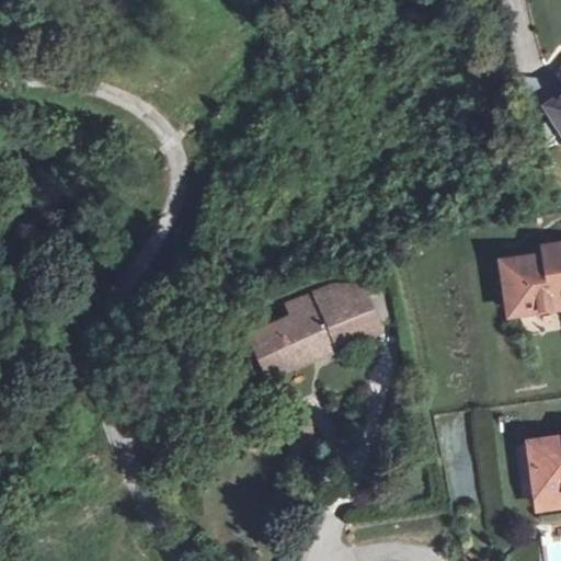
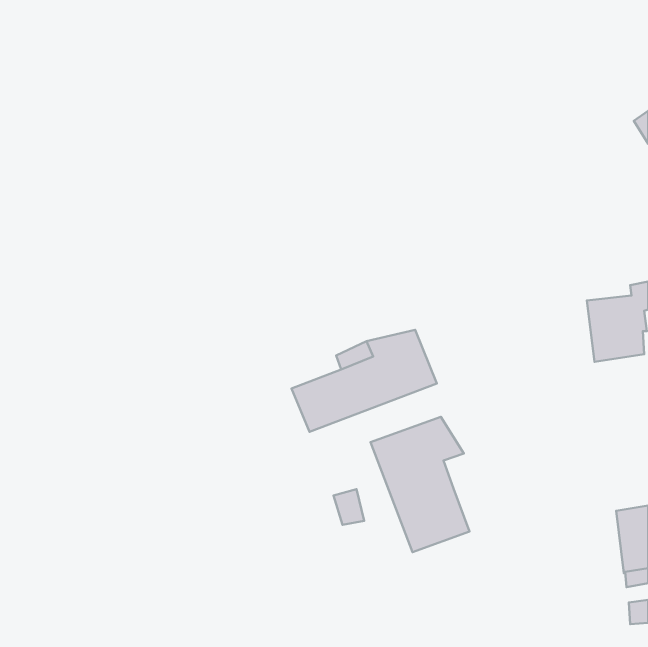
building: none -> [371,417,469,552]

